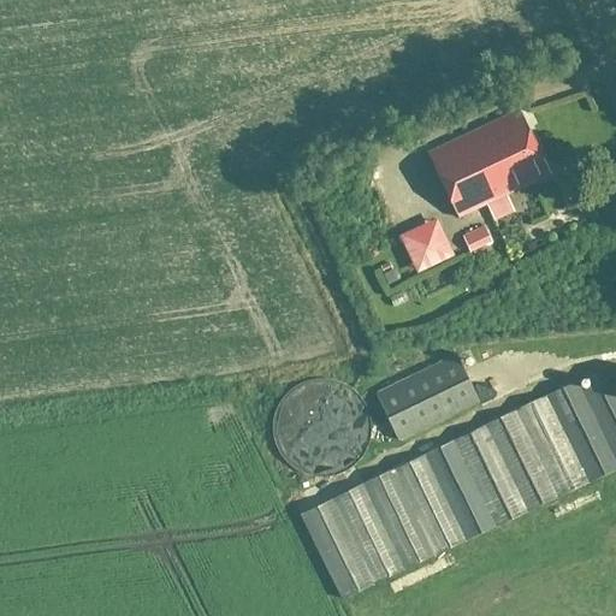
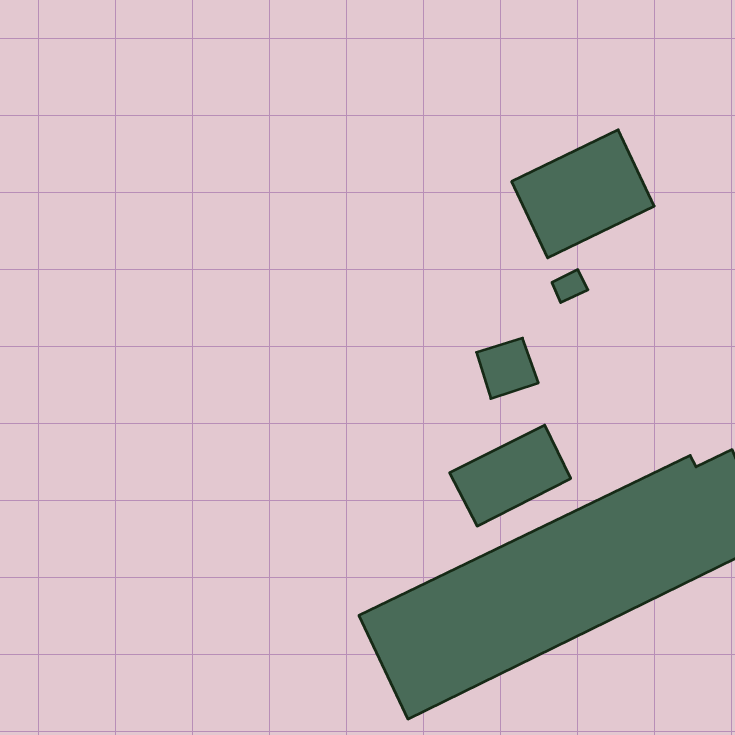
building: [404,218,456,268] -> [476,338,538,399]
building: [272,378,371,476] -> none

